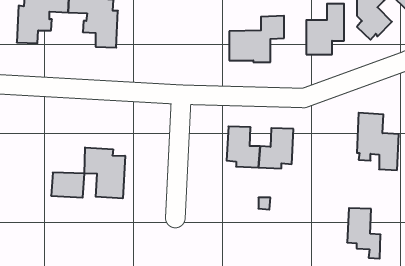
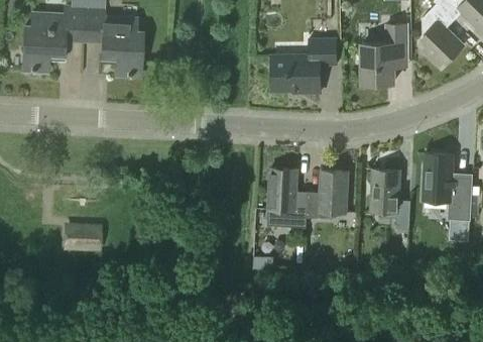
building: [84,147,125,198] -> none
building: [347,208,381,259] -> [371,169,410,229]

